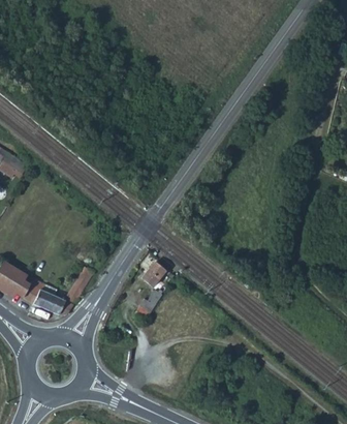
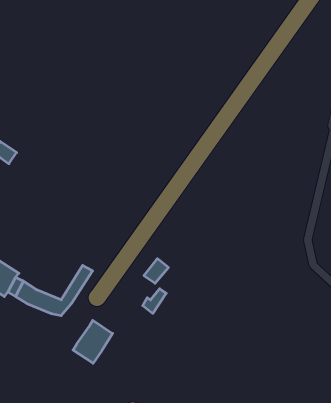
building: none -> [73,320,113,363]

